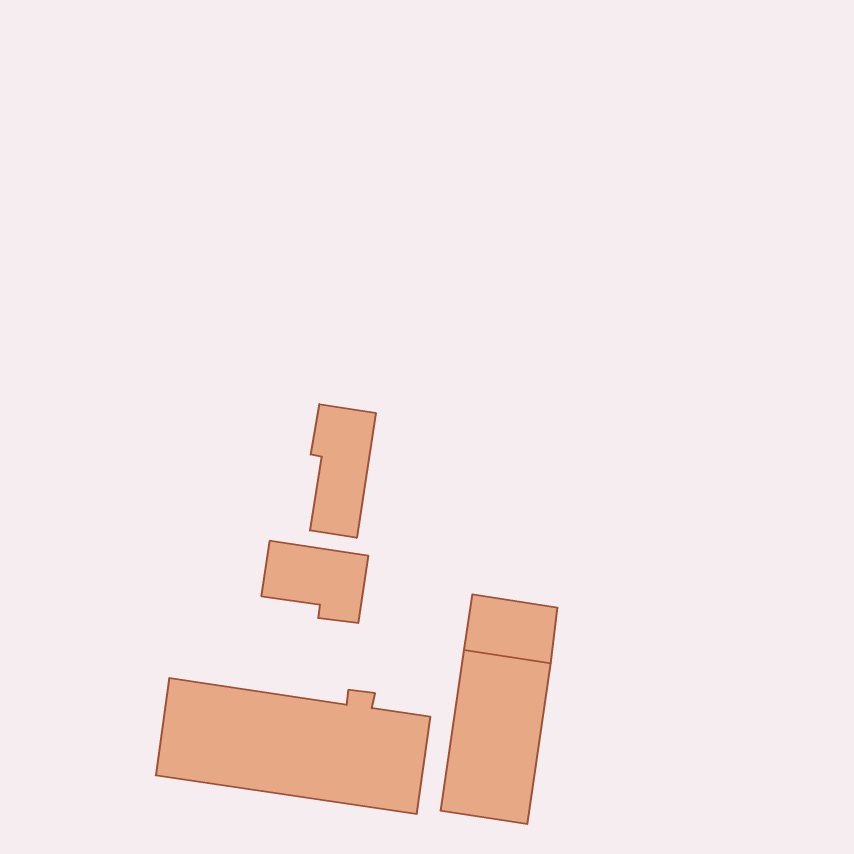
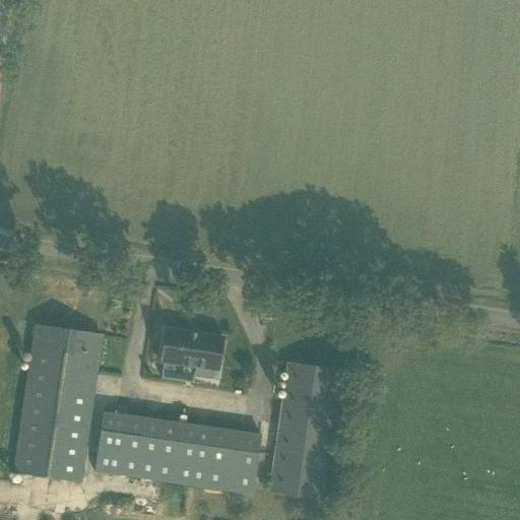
building: [310,404,376,538] -> none
building: none -> [14,326,103,482]

